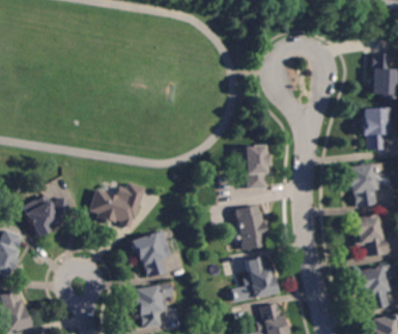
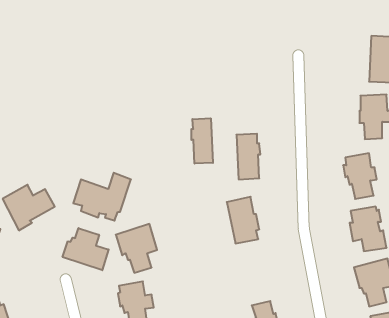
building: none -> [191,118,213,164]
building: none -> [63,228,109,270]
building: [245,256,277,298] -> none

